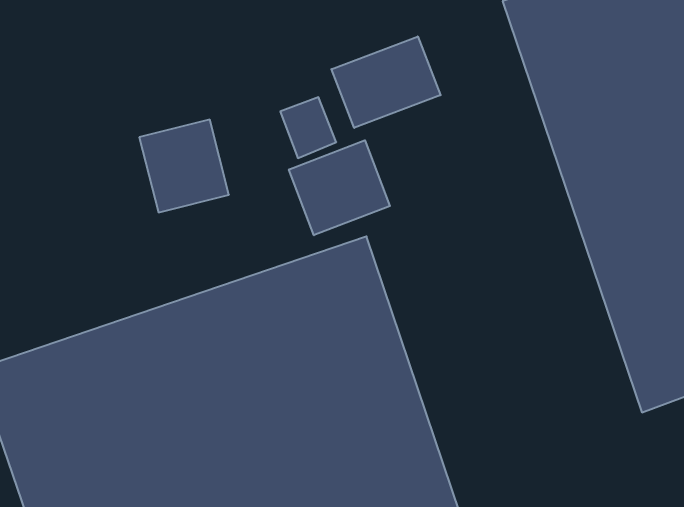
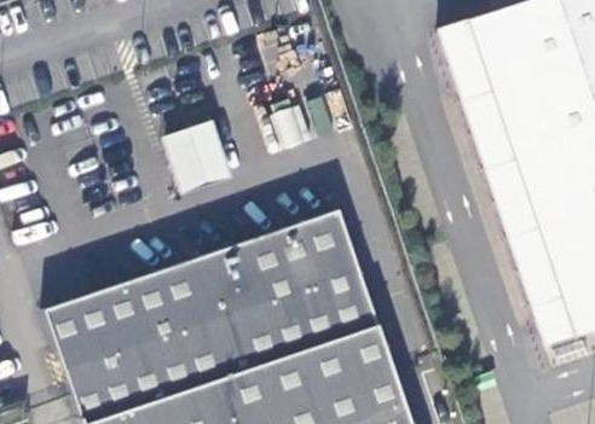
building: [331,36,441,128] -> none
building: [289,140,390,235] -> none

